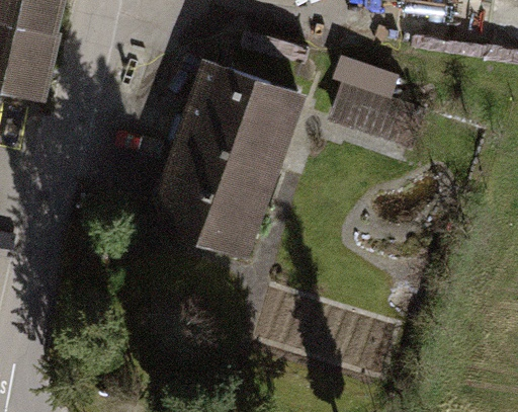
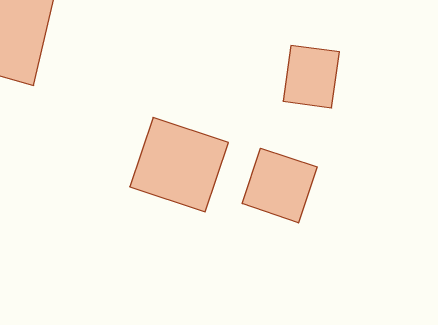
building: [182,61,297,171] -> none
building: none -> [242,148,317,223]

